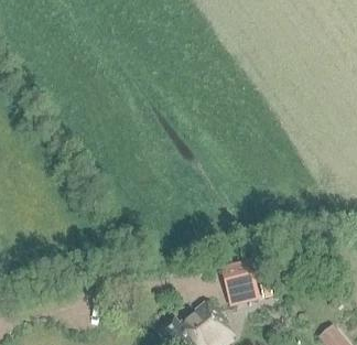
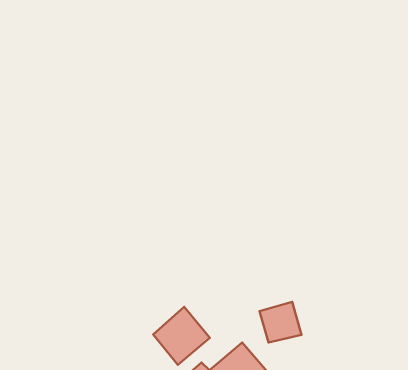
building: none -> [153,307,210,365]

